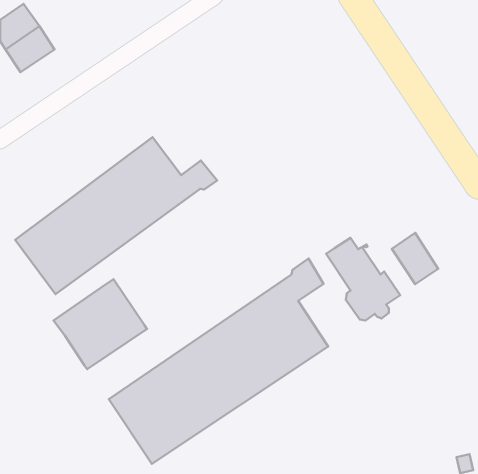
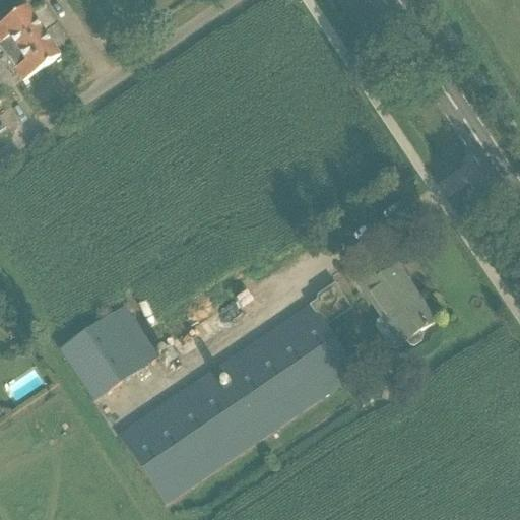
building: [15,137,217,294] -> none
building: [392,233,438,284] -> none

